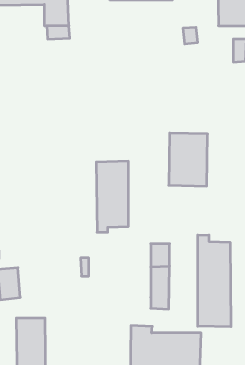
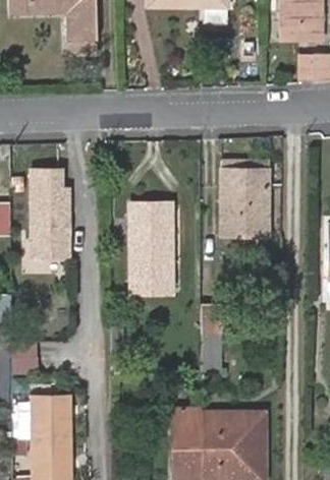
building: none -> [30,171,68,258]
building: [198,235,231,327] -> none

